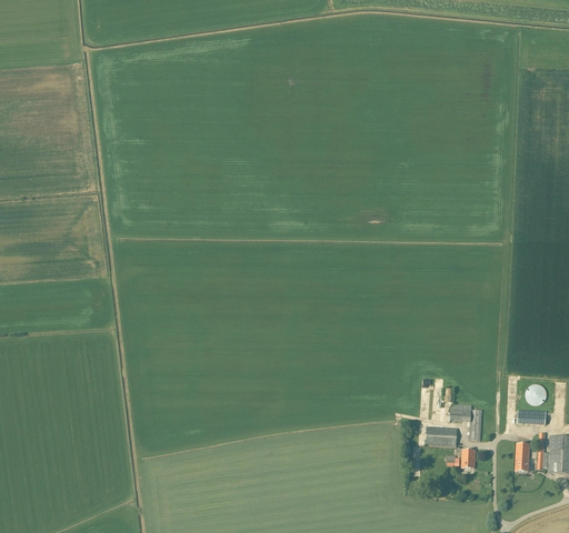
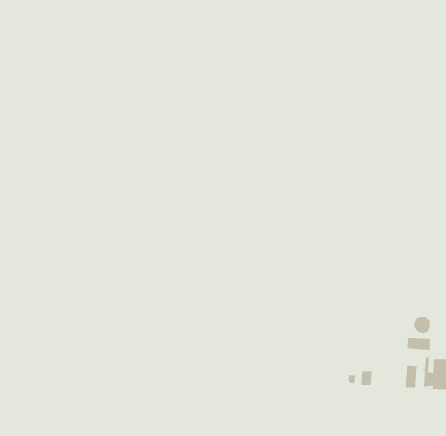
building: [449,403,481,441] -> none
building: [426,426,457,446] -> none

